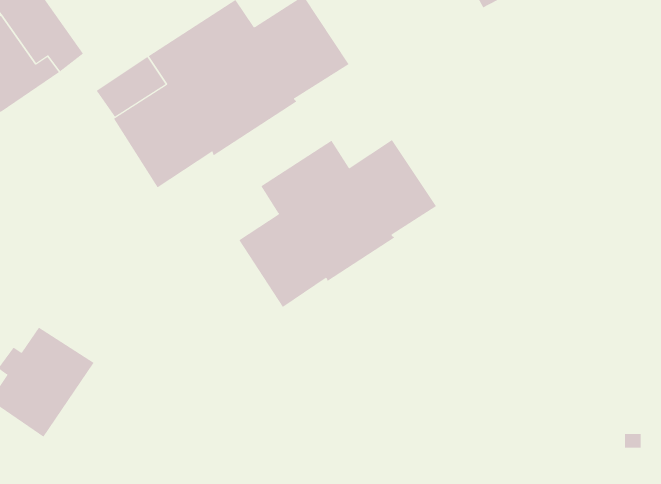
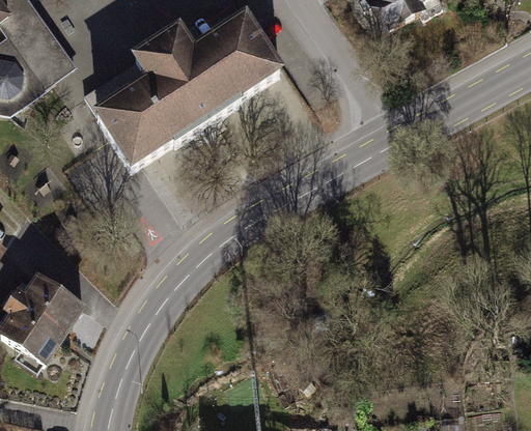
building: [239,140,437,308] -> none

